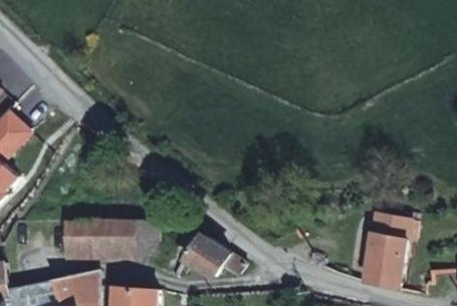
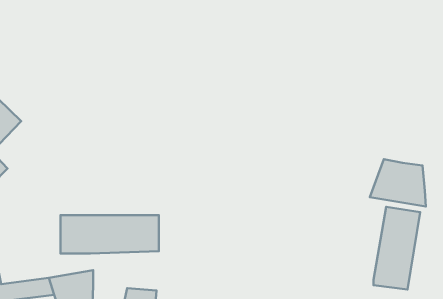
building: none -> [370,159,426,206]
building: [183,236,243,278] -> none

